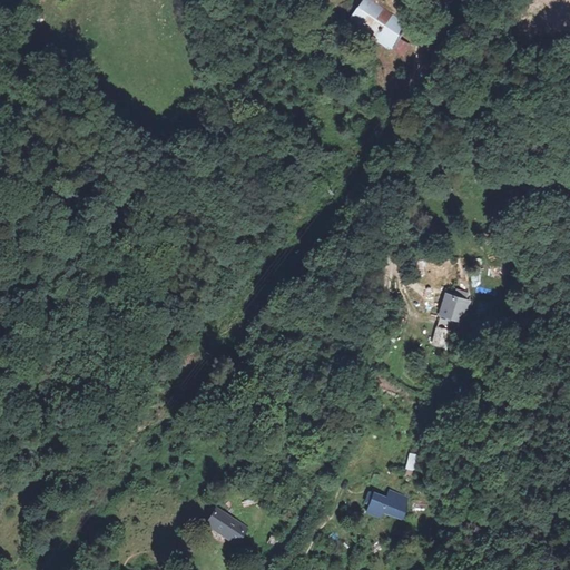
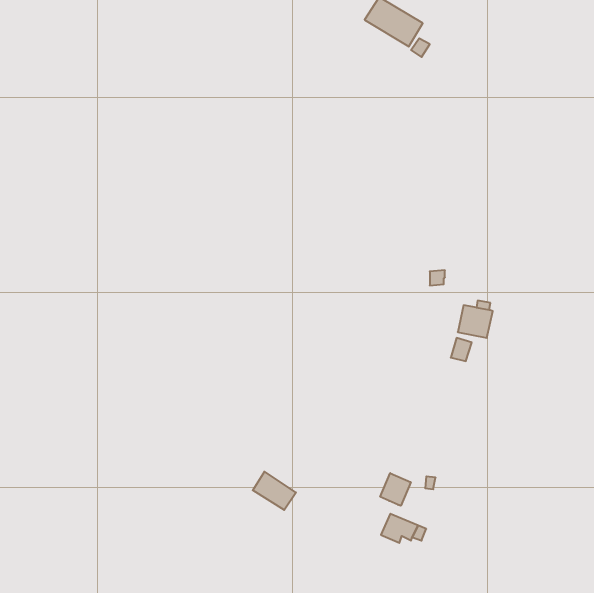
building: none -> [380,473,411,506]
building: [205,507,246,543] -> [253,472,296,510]

